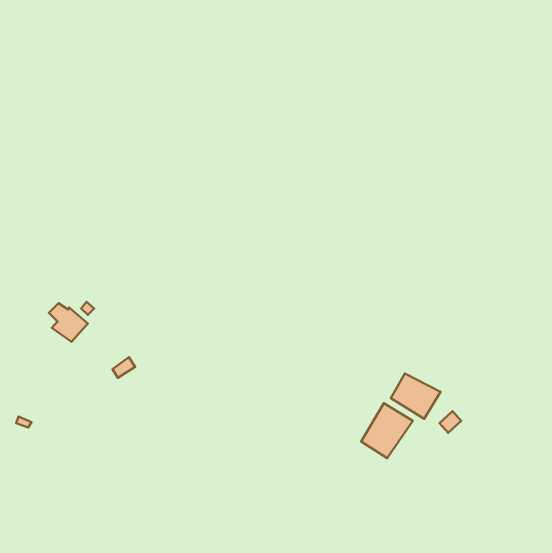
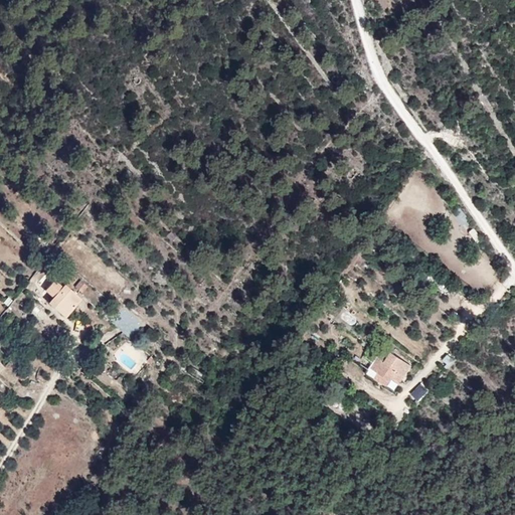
building: [361,403,413,458] -> none

